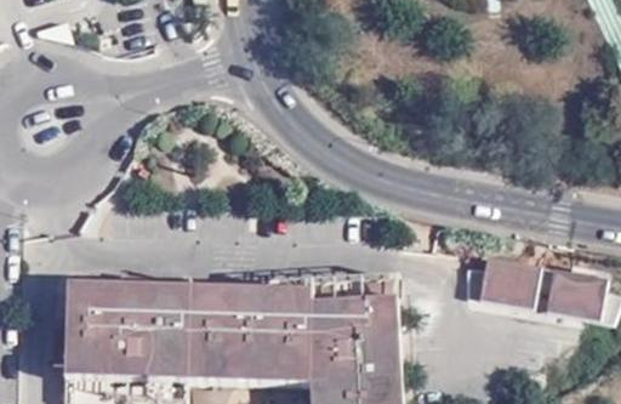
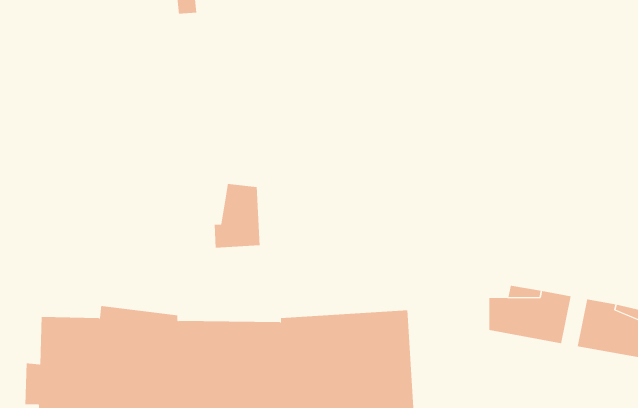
building: none -> [214,183,260,248]

